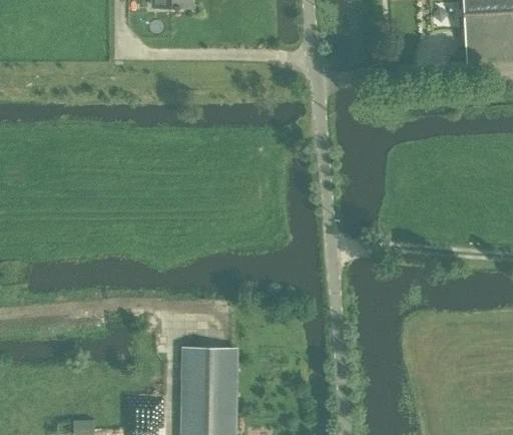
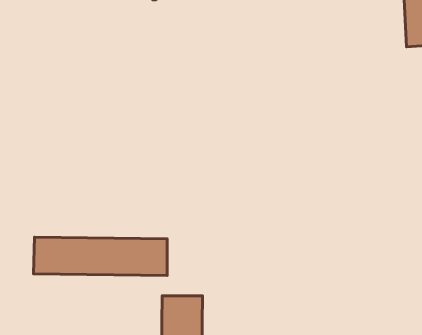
building: none -> [33,237,167,275]

